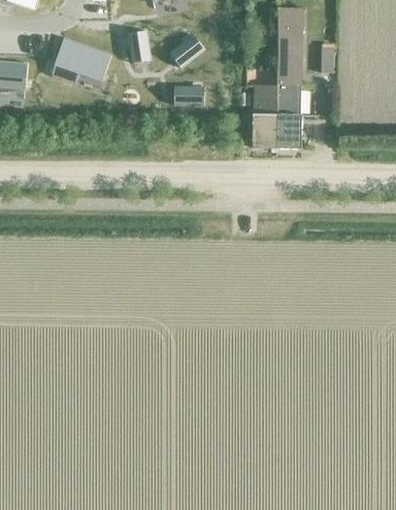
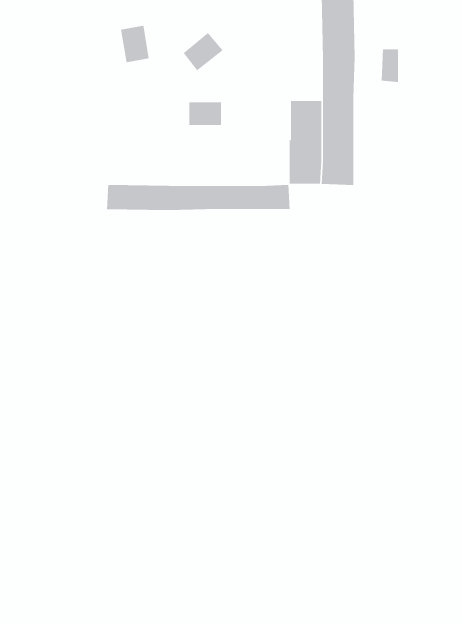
building: [51,38,109,81] -> none
building: none -> [106,184,290,211]

